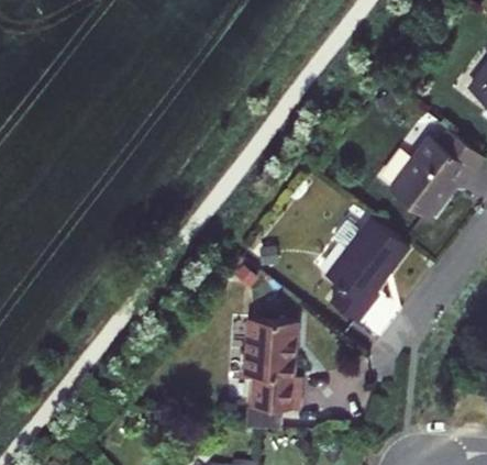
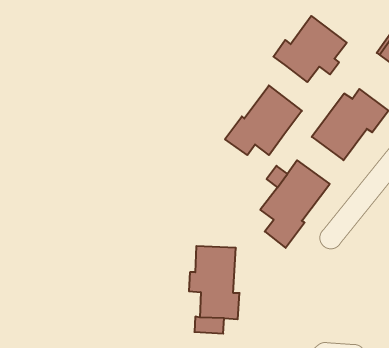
building: none -> [273,16,347,82]
building: none -> [225,85,302,155]

